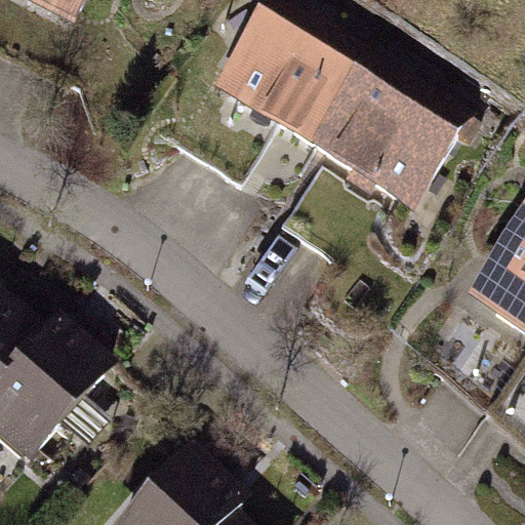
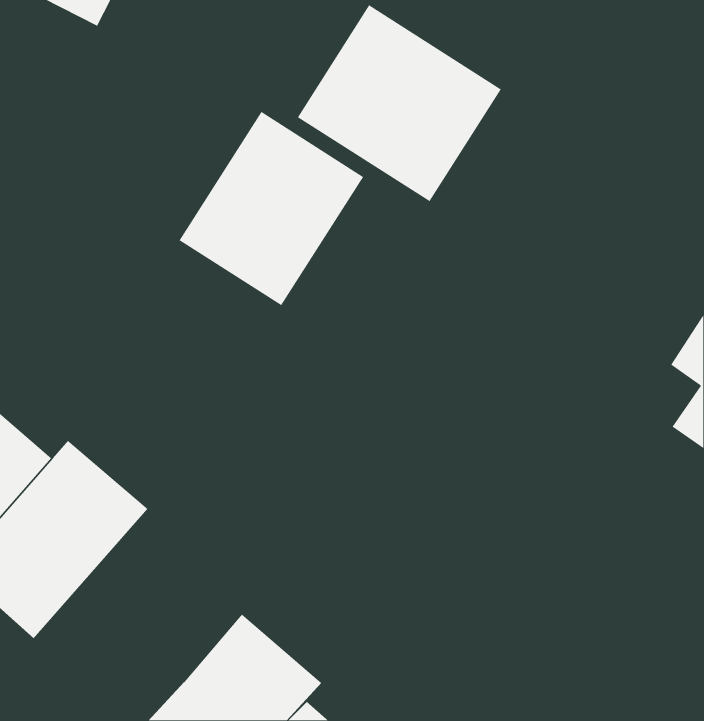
building: [313,65,472,208] -> none
building: none -> [178,111,364,306]

